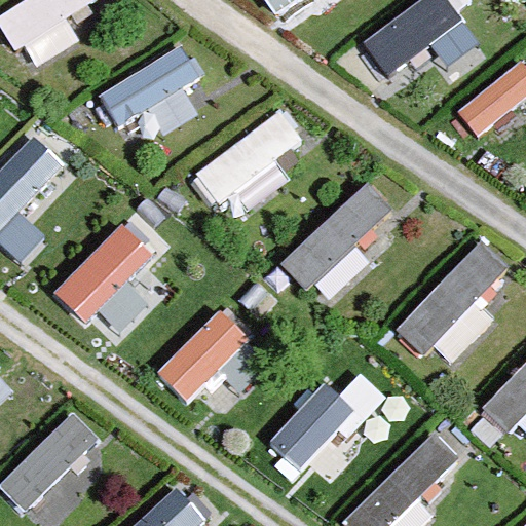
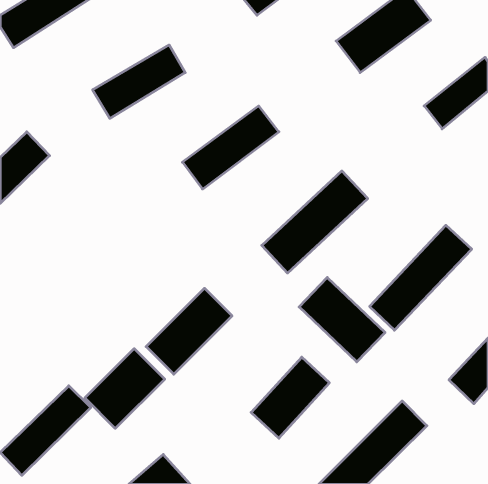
building: [55,225,154,324] -> none
building: none -> [299,277,385,362]
building: none -> [85,349,165,428]

